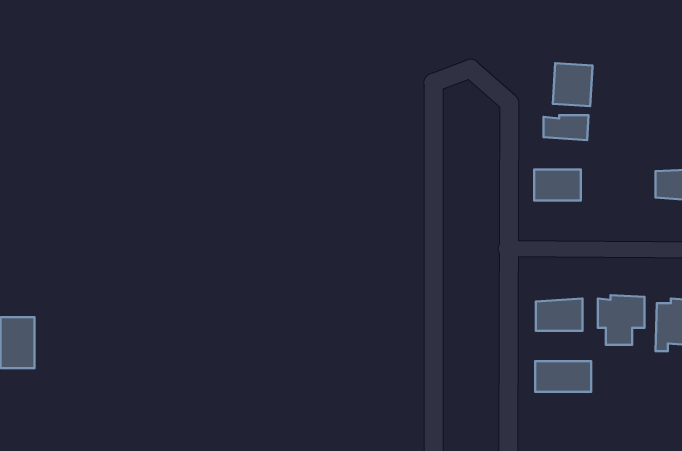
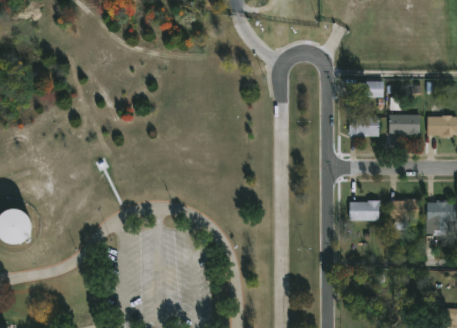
building: [553,63,593,106] -> none
building: none -> [390,115,419,136]
building: [535,361,591,392] -> none

